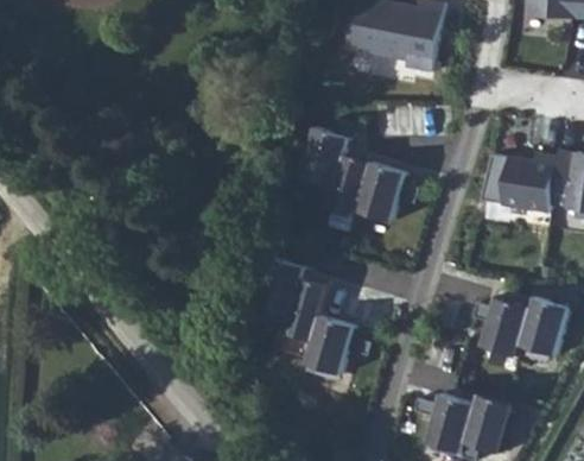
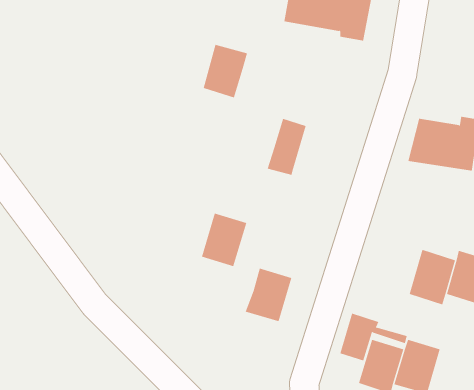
building: [300,130,349,188] -> [203,44,248,98]
building: [356,164,406,222] -> none
building: [286,280,328,342] -> none

